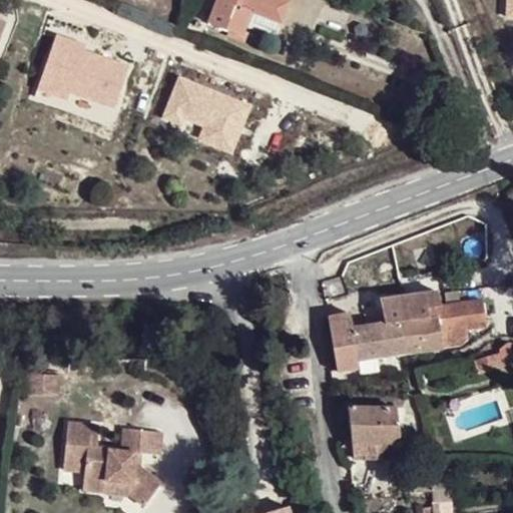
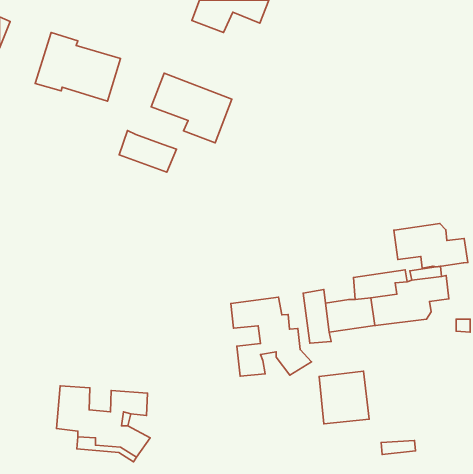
building: none -> [119,130,176,172]
building: none -> [394,223,468,268]
building: none -> [231,297,312,376]

